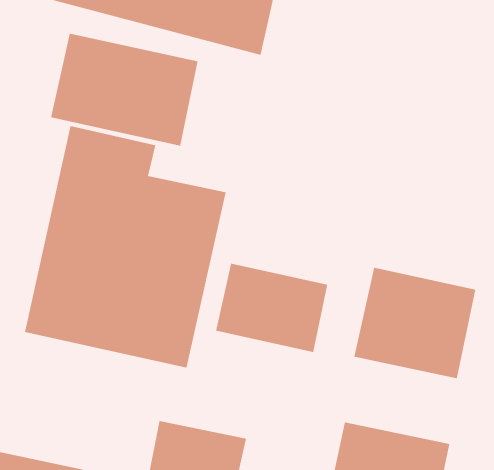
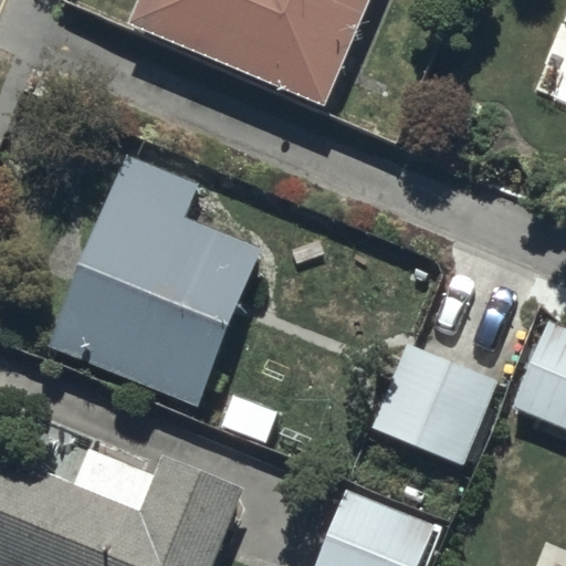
building: [51,33,198,146] -> none
building: [216,263,328,353] -> none

